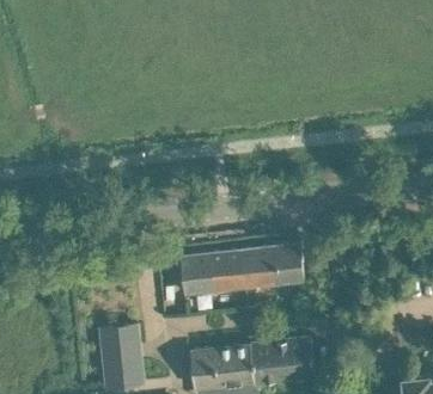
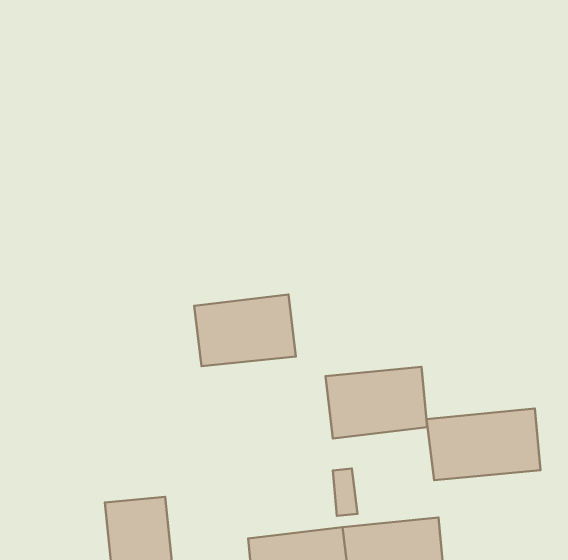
building: [179,251,244,296] -> [194,294,296,366]
building: none -> [427,409,540,480]

